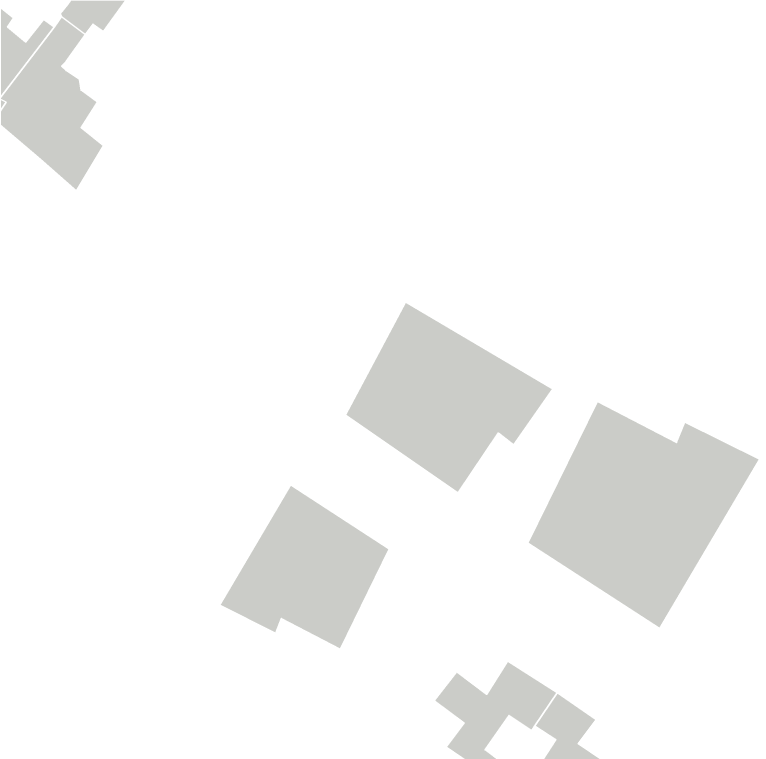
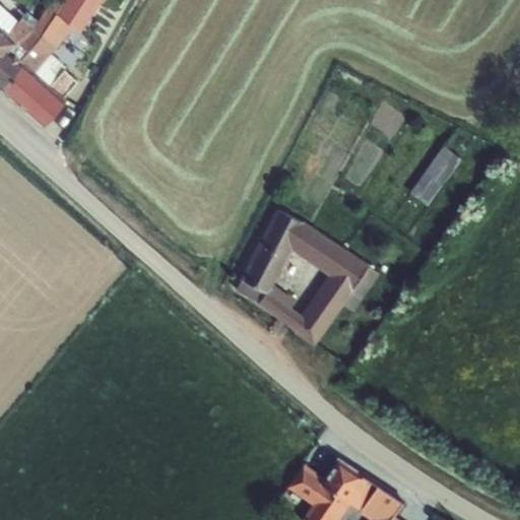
building: none -> [411,148,463,206]
building: [528,402,759,628] -> none
building: [220,485,389,649] -> none

